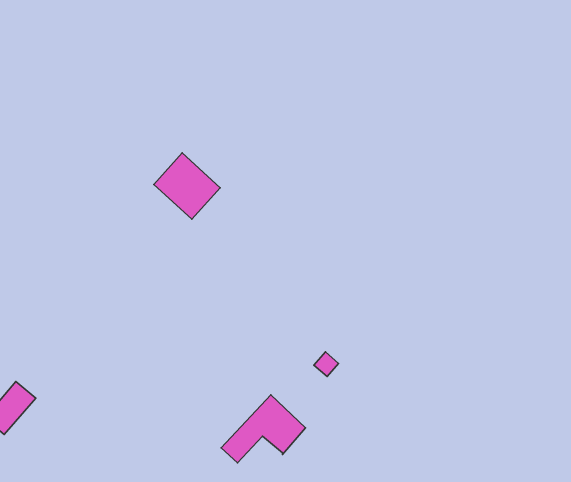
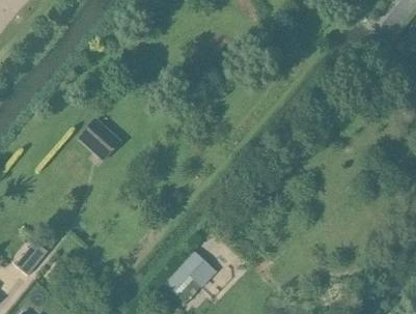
building: [154,153,220,219] -> [80,118,121,160]

